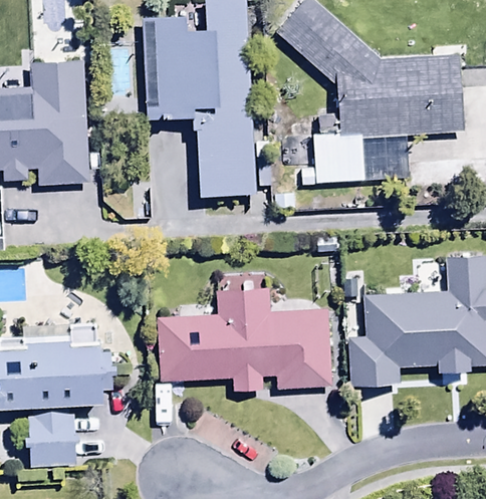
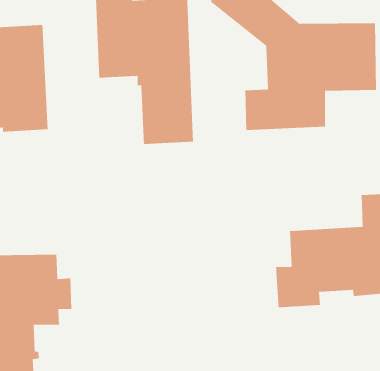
building: [159,287,329,391] -> none

